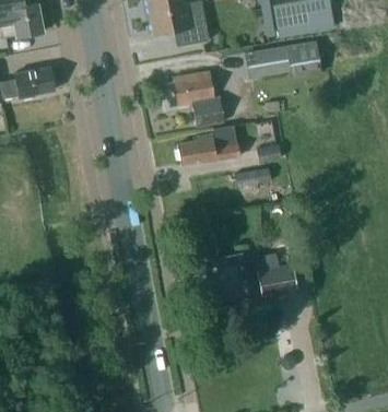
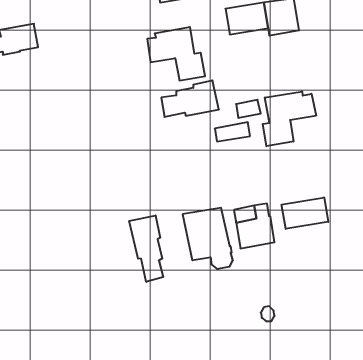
building: none -> [263,91,316,146]
building: none -> [282,197,328,229]
building: none -> [129,215,163,282]

